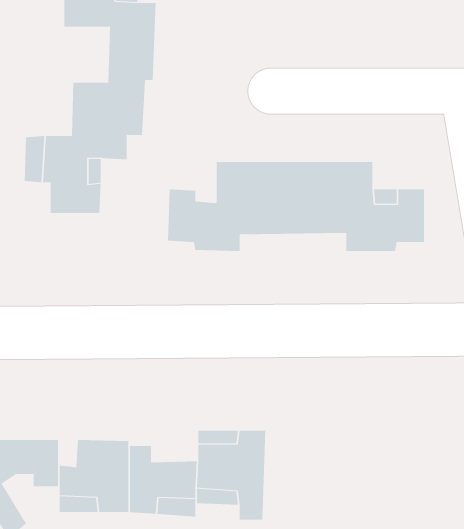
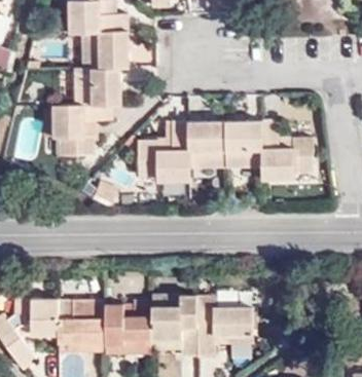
building: none -> [200,301,252,362]

